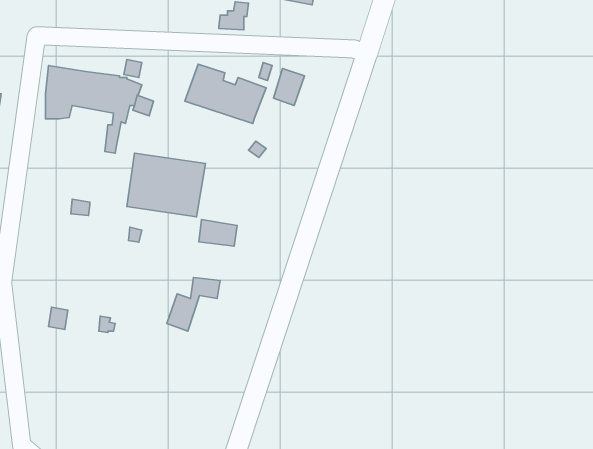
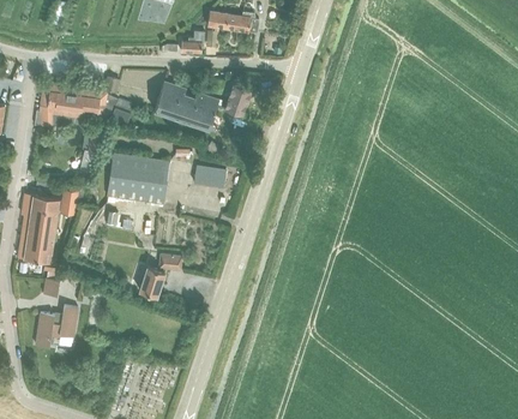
building: none -> [18,192,59,262]
building: [199,219,237,246] -> [194,164,225,186]
building: none -> [35,305,77,347]

